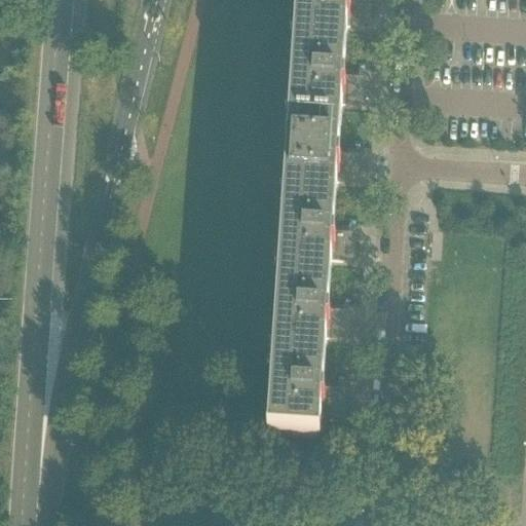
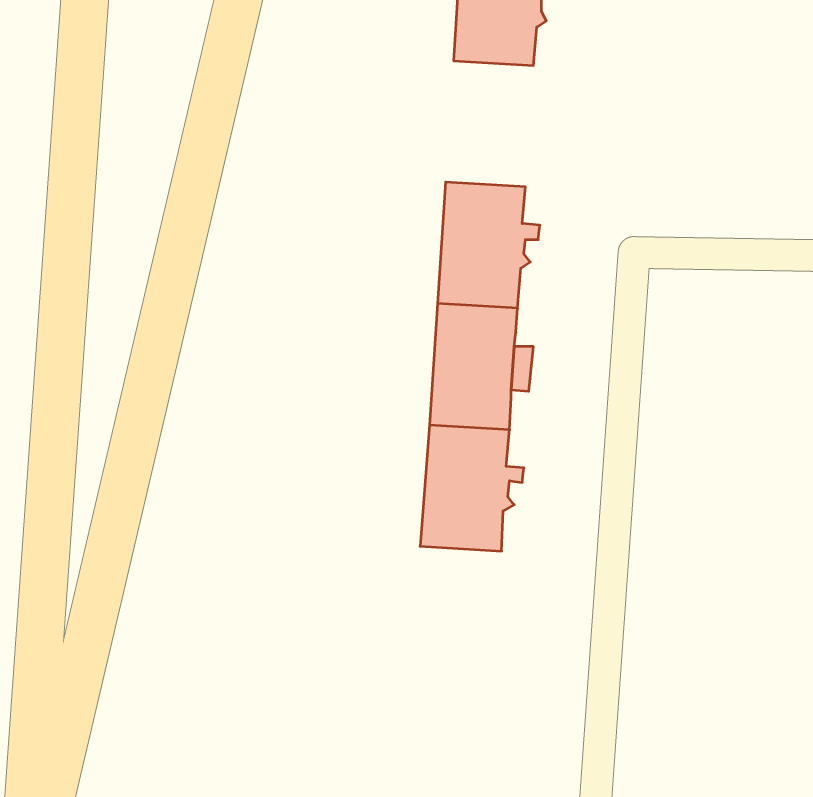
building: [287,39,352,120] -> none
building: [265,351,332,433] -> none

